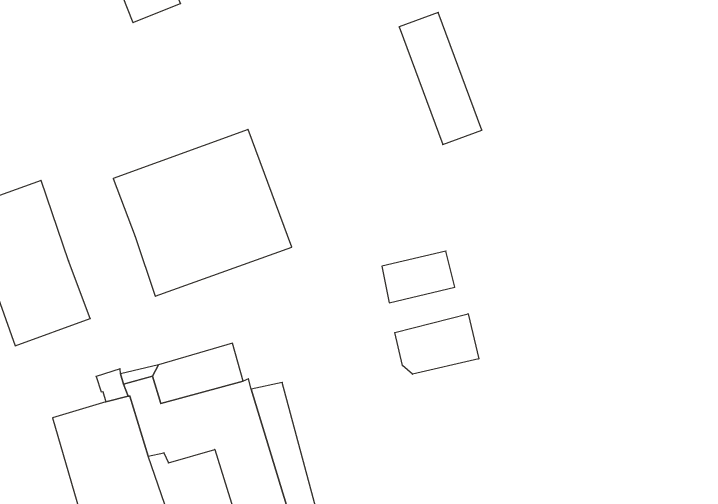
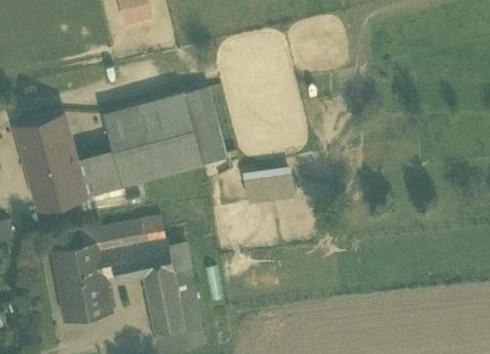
building: [399,12,482,145] -> [183,89,225,166]
building: none -> [71,150,119,197]
building: [395,314,479,374] -> none

